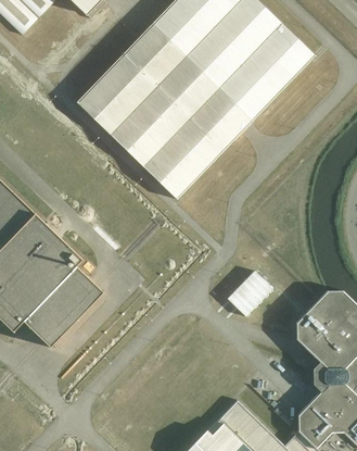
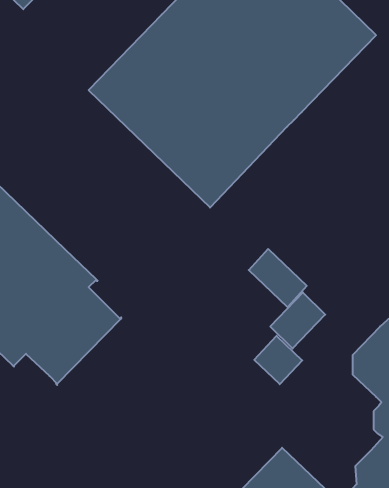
building: none -> [249,249,307,307]
building: none -> [254,336,302,384]

